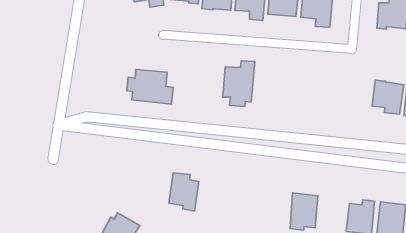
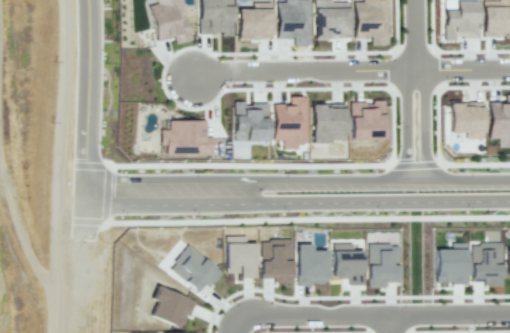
building: none -> [237,101,272,141]
building: none -> [313,104,349,147]
building: none -> [353,101,387,139]
building: none -> [172,245,225,290]
building: none -> [264,240,296,283]
building: none -> [300,244,331,284]
building: none -> [335,243,366,285]

